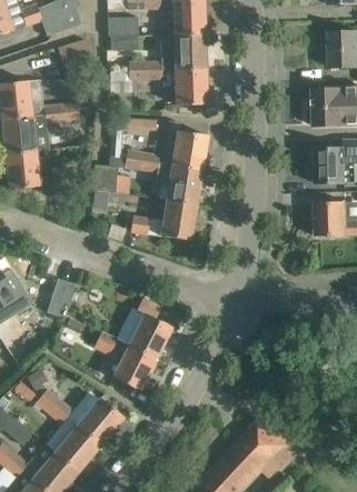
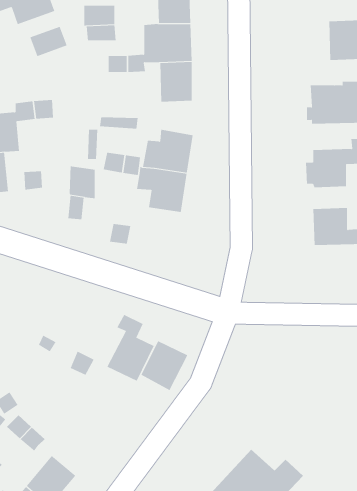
building: [160,201,196,240] -> none
building: [47,278,76,318] -> none
building: [112,345,156,391] -> [141,340,188,391]
building: [78,398,123,444] -> none

